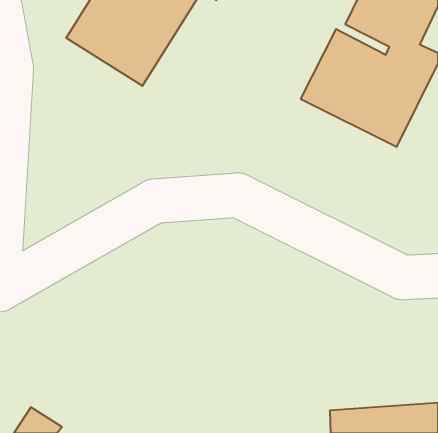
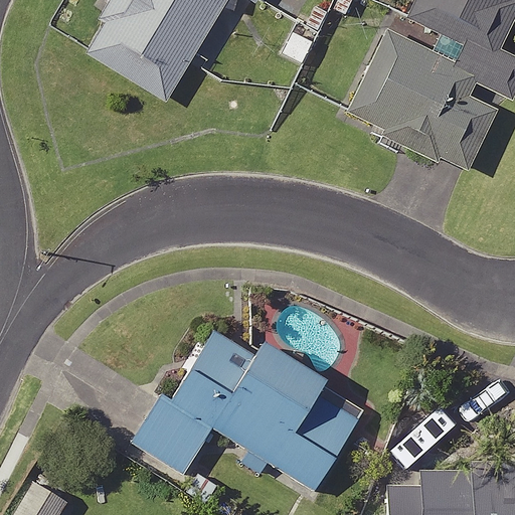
building: none -> [131,331,365,493]

